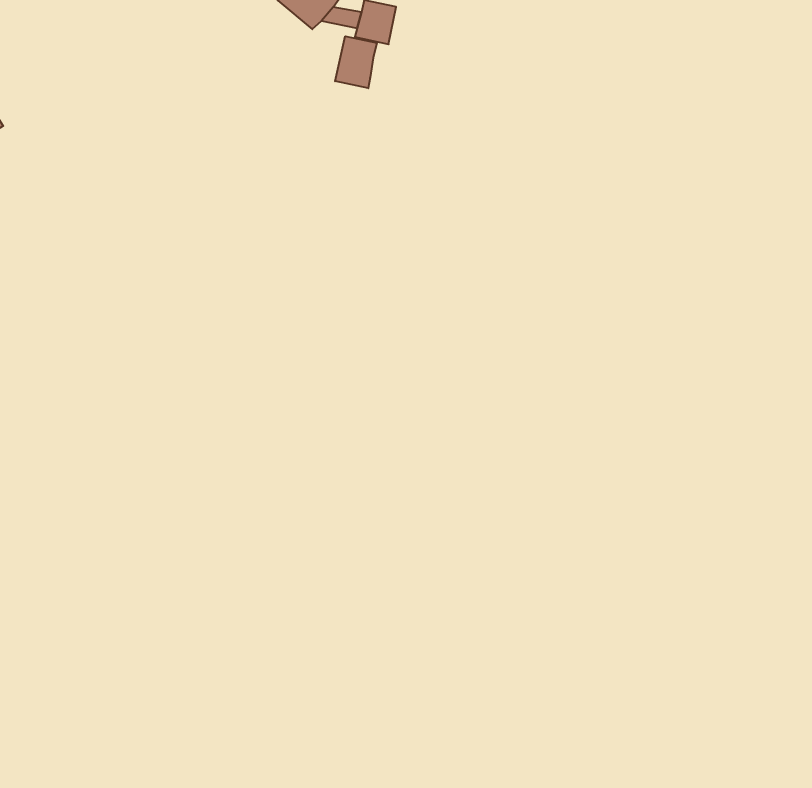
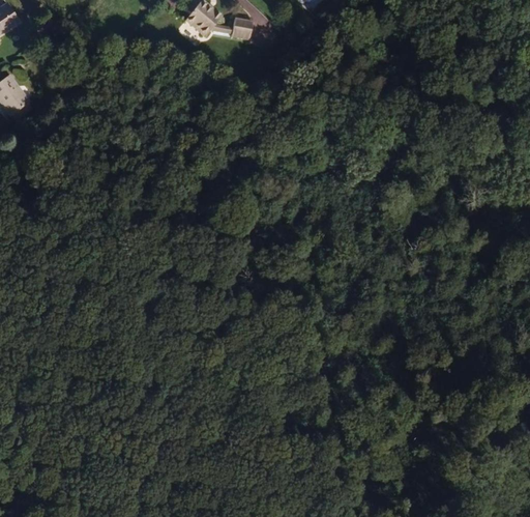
building: [335,36,377,88] -> none

